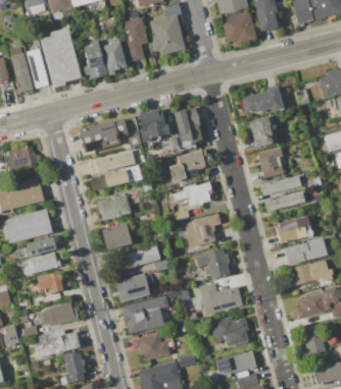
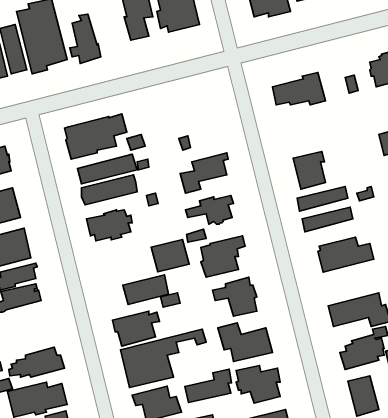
building: [101,42,127,75] -> none
building: [174,107,202,143] -> none
building: [140,111,169,143] -> none
building: [249,115,278,148] -> none
building: [101,224,131,249] -> [151,240,189,272]
building: [284,238,328,266] -> none
building: [37,272,67,294] -> none
building: none -> [185,369,231,402]

